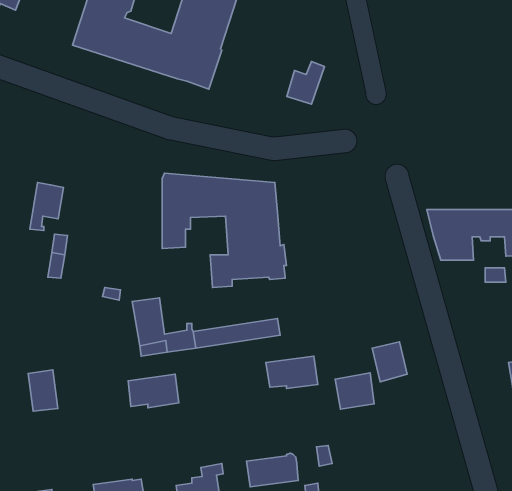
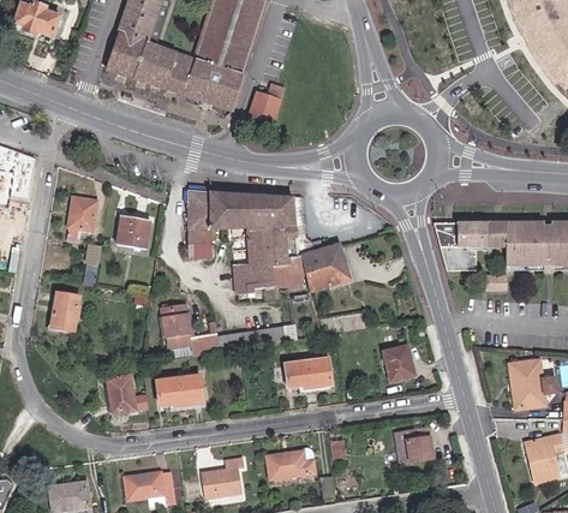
building: [287,61,324,104] -> [250,83,285,123]
building: none -> [116,214,151,249]
building: none -> [301,241,351,291]
building: none -> [52,291,79,329]
building: [28,370,58,411] -> [108,374,136,412]
building: [335,373,374,409] -> [396,426,432,460]

